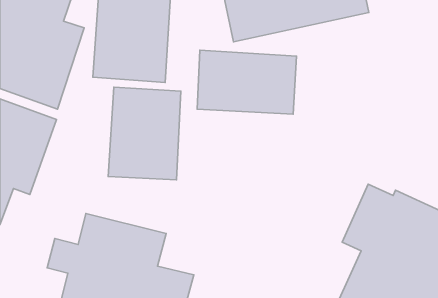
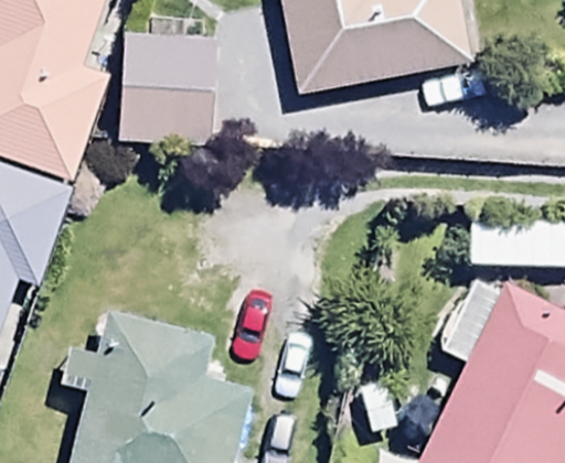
building: [197,50,297,114] -> none
building: [108,87,181,180] -> none

